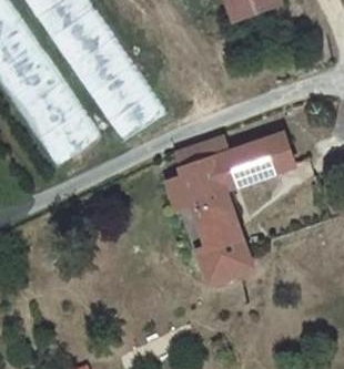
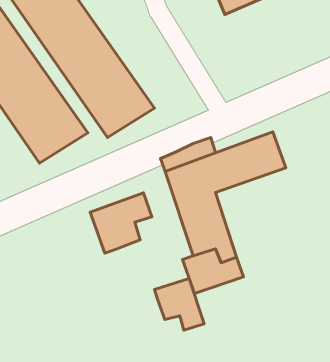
building: none -> [90,193,152,253]
building: none -> [154,278,204,330]

